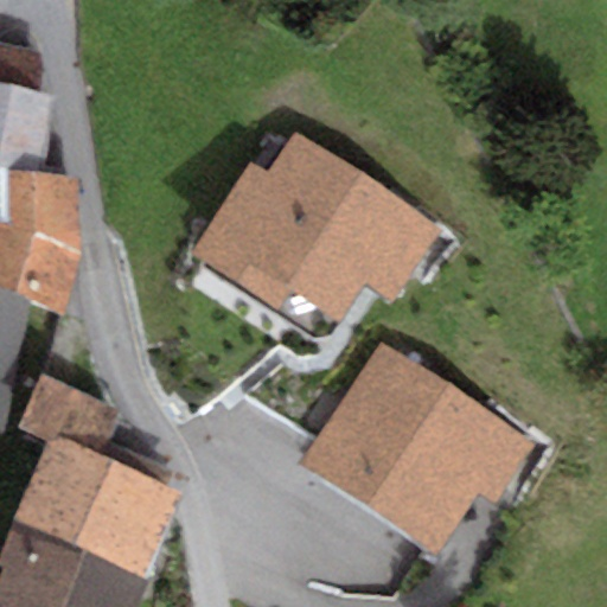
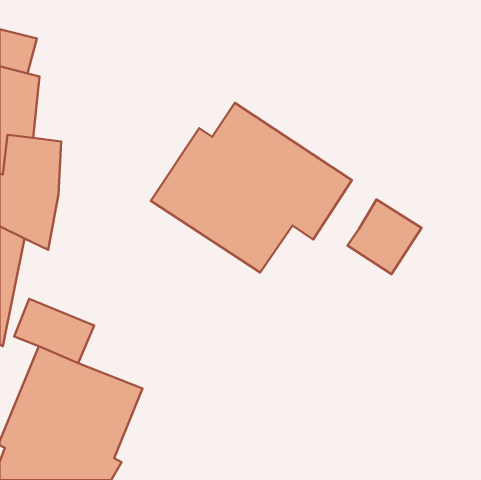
building: none -> [347,199,421,274]
building: [299,341,535,555] -> none

